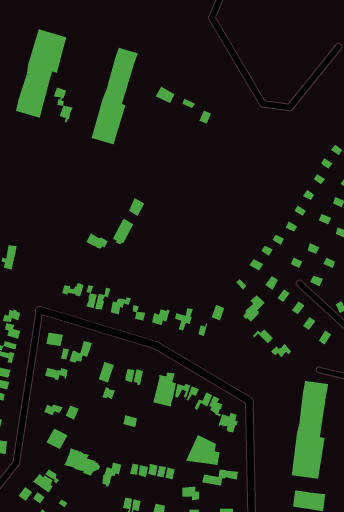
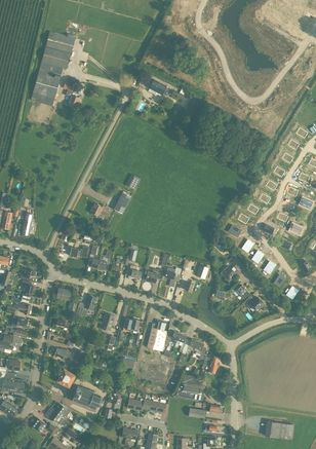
building: [91,47,138,145] -> none
building: [291,380,329,479] -> none

